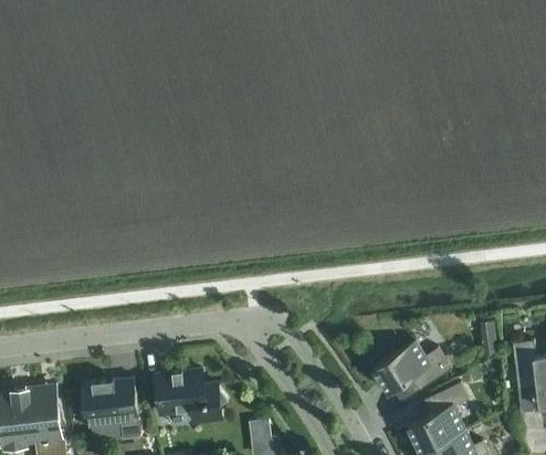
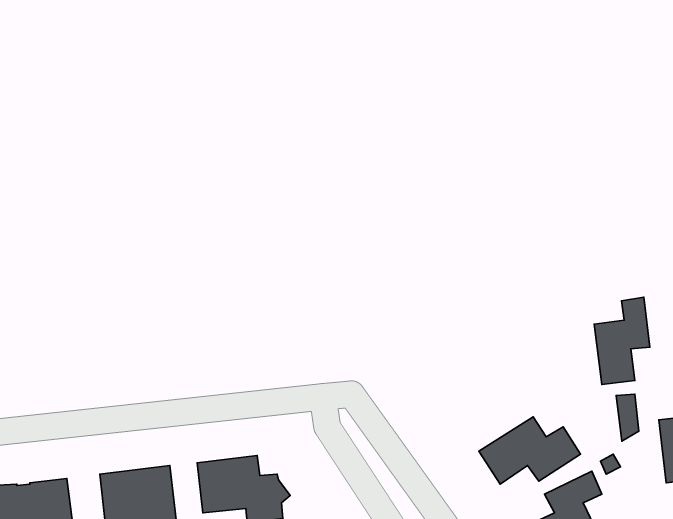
building: none -> [594,297,650,385]

